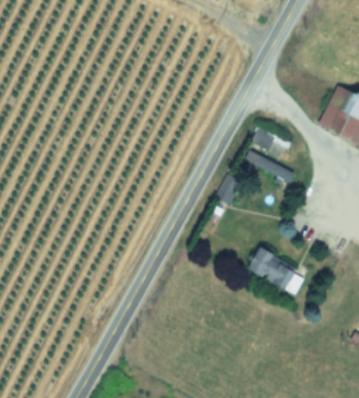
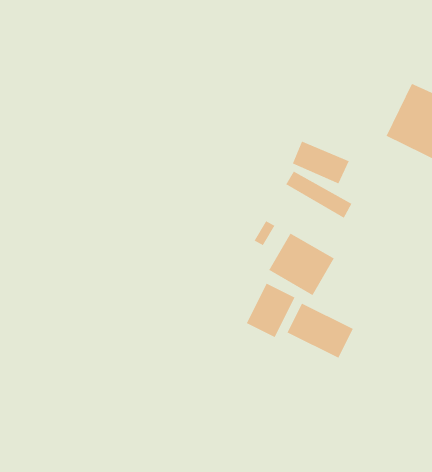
building: none -> [268,232,335,296]
building: none -> [246,283,296,338]

